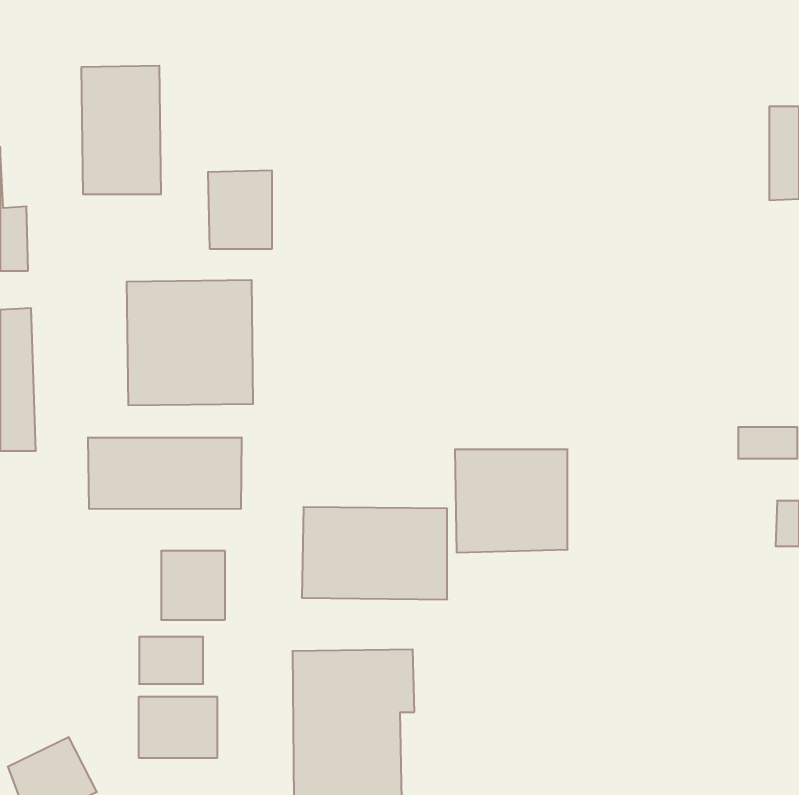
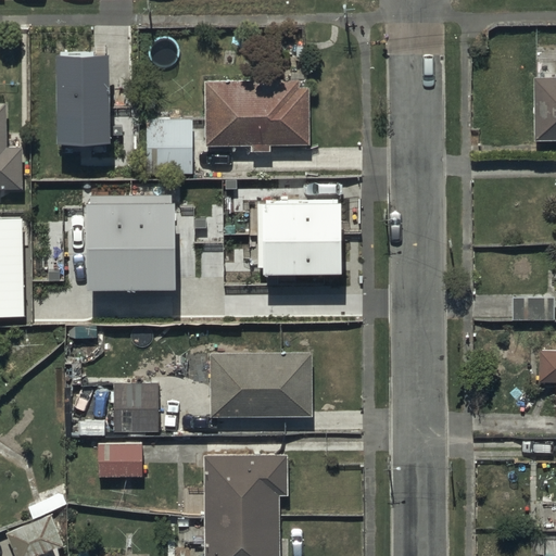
building: none -> [203,60,309,152]
building: [88,437,242,509] -> none
building: [455,449,568,553] -> [263,199,341,270]
building: [139,697,217,758] -> none

